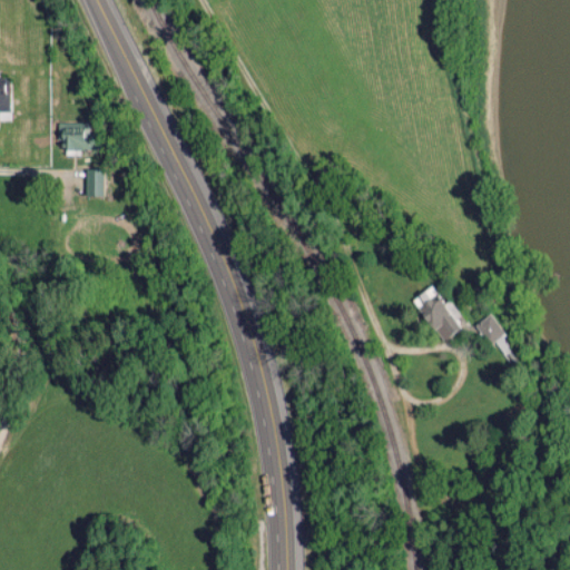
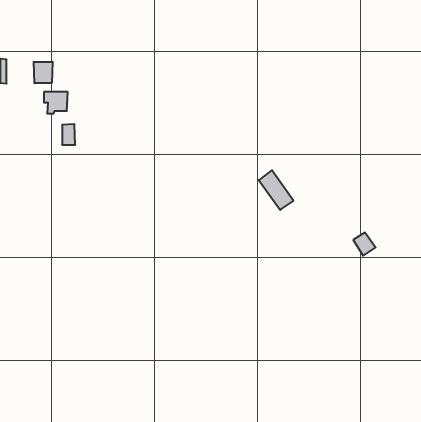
building: none -> [34,62,53,83]
building: [414,287,461,341] -> [259,170,293,210]

